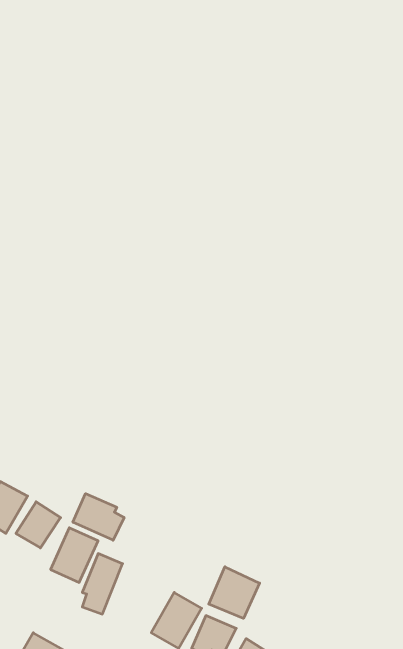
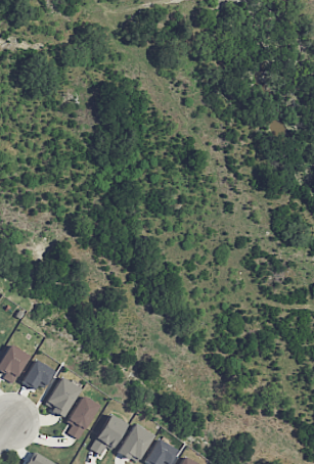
building: [73,494,124,540] -> none
building: [209,567,260,618] -> none
building: none -> [96,414,128,448]

